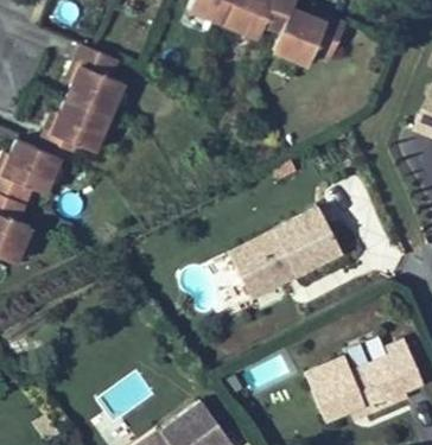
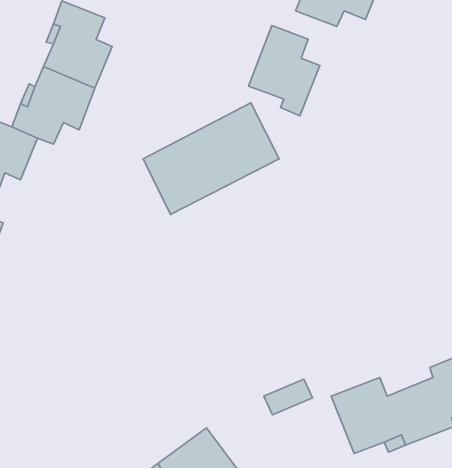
building: none -> [248,25,320,116]
building: [228,205,341,298] -> [143,103,279,215]

